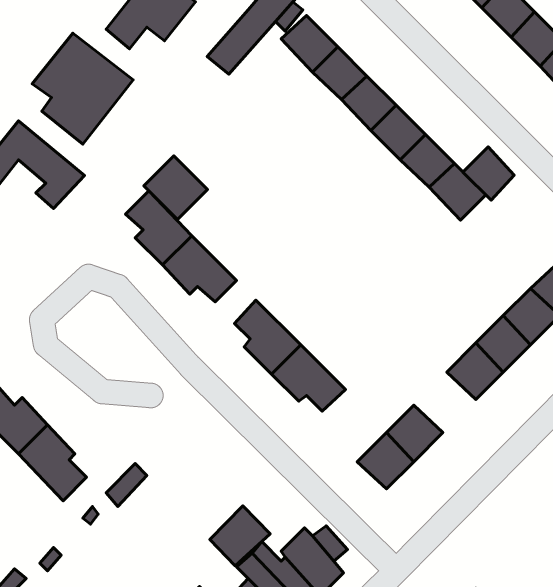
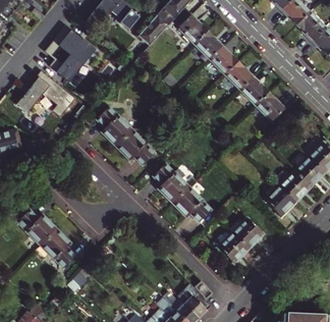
building: [463,147,514,200] -> none
building: [144,156,207,220] -> none
building: [210,506,270,566] -> none

